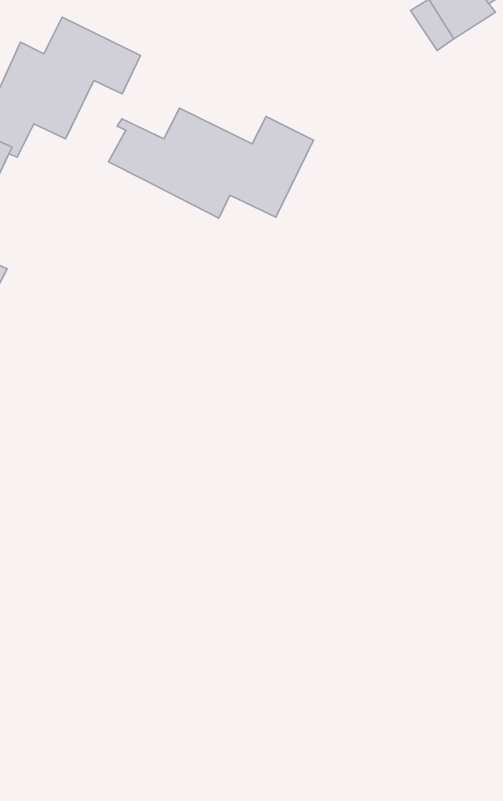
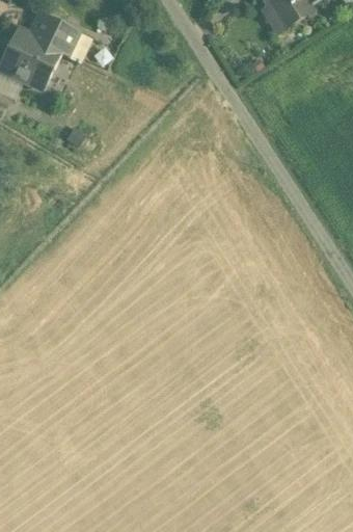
building: [109,108,314,218] -> none

